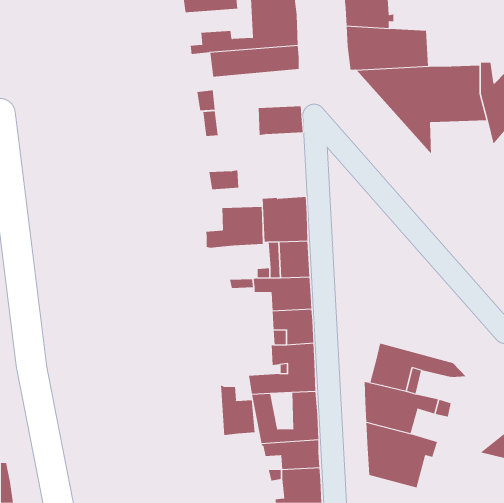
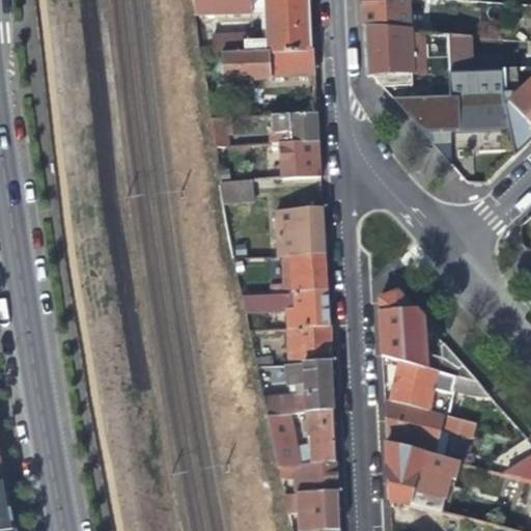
building: none -> [449,32,474,69]
building: none -> [280,139,322,177]
building: [206,206,263,248] -> none
building: none -> [378,292,477,381]
building: [221,385,255,436] -> none

